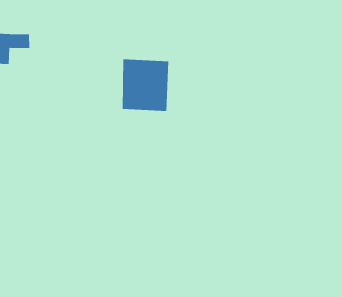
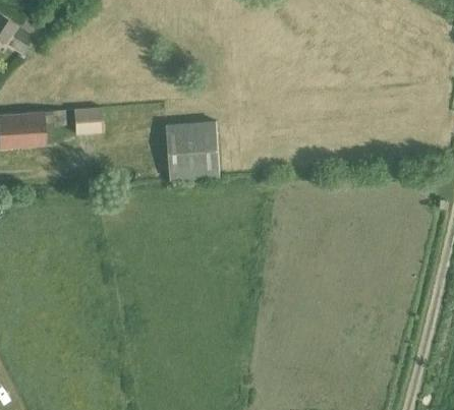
building: none -> [72,108,102,134]

